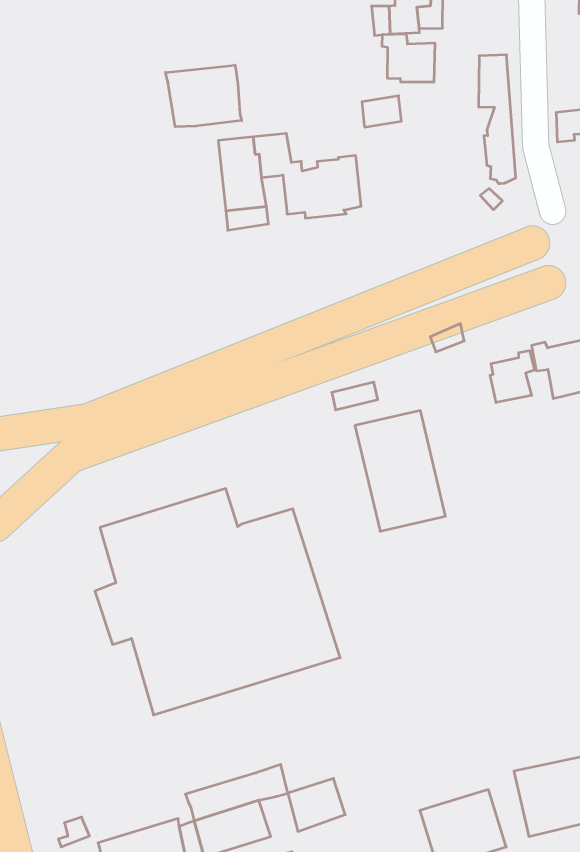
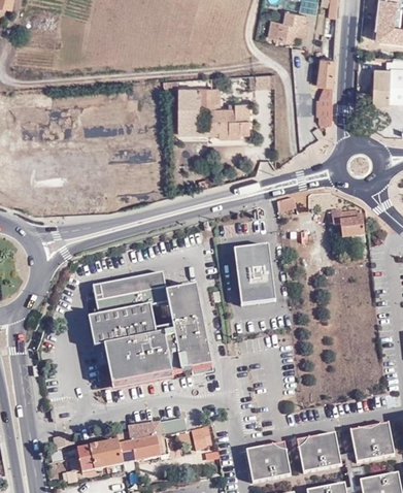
building: [382,34,435,82] -> none
building: [166,65,242,127] -> none
building: [490,351,535,403] -> none

